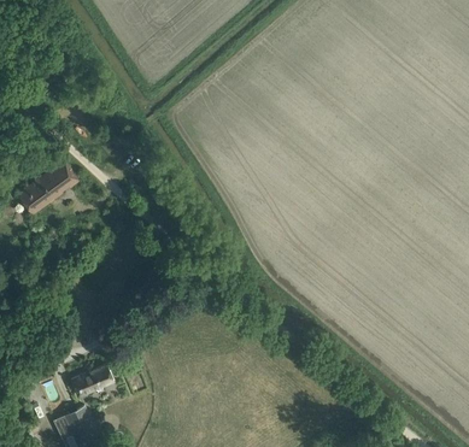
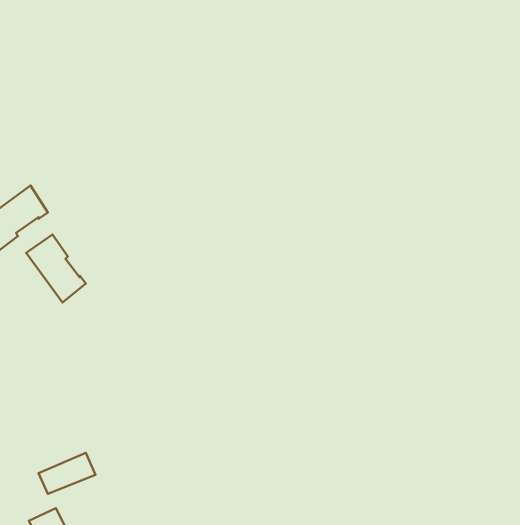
building: none -> [26,234,86,302]

